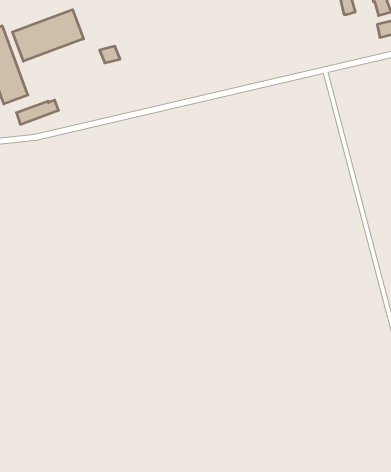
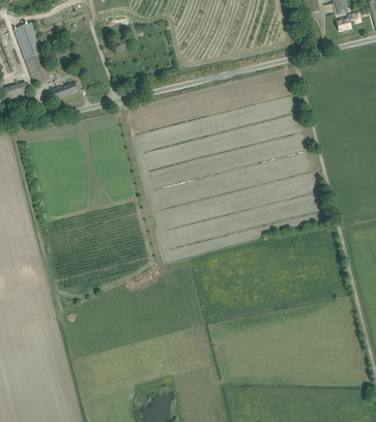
building: [12,10,84,61] -> none

